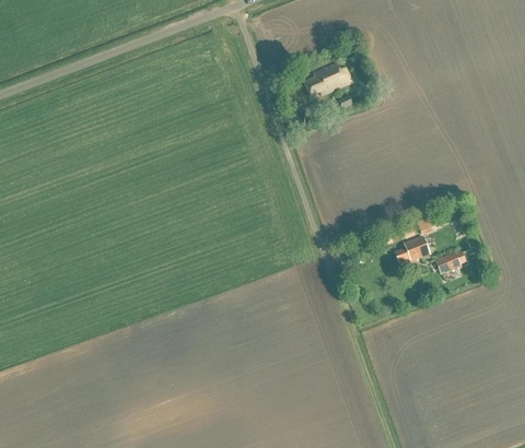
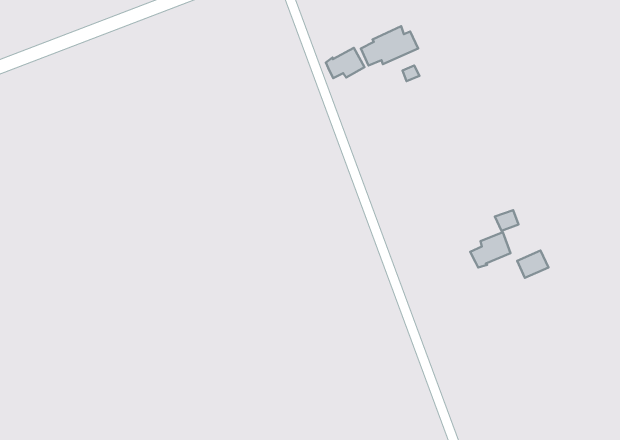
building: none -> [326,48,365,78]

